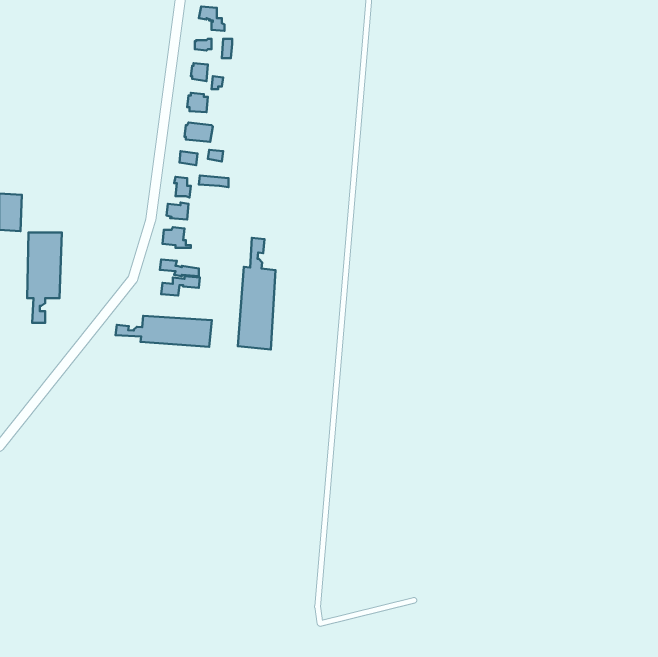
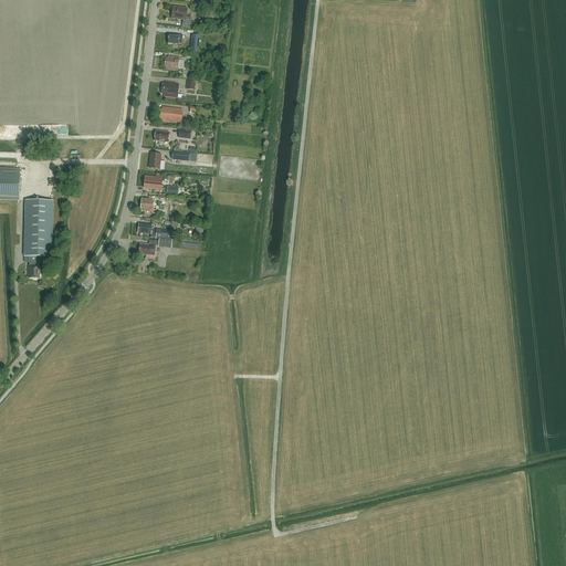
building: [238,238,276,350] -> none
building: [116,316,212,347] -> none

